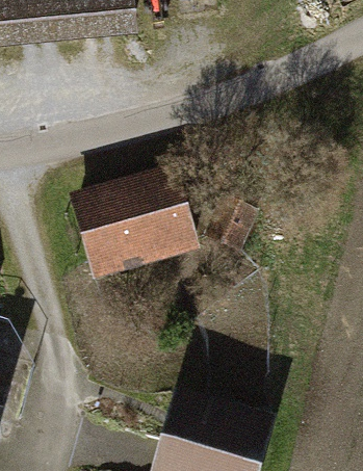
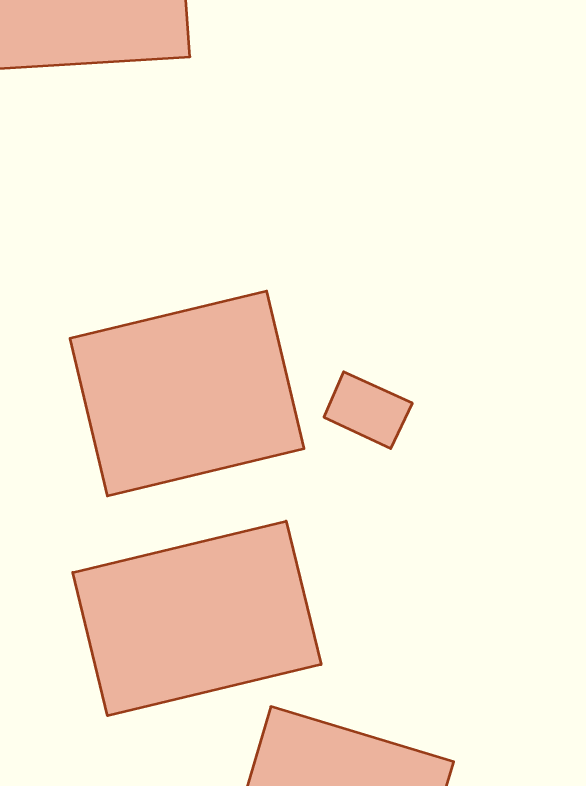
building: none -> [73,521,321,716]

